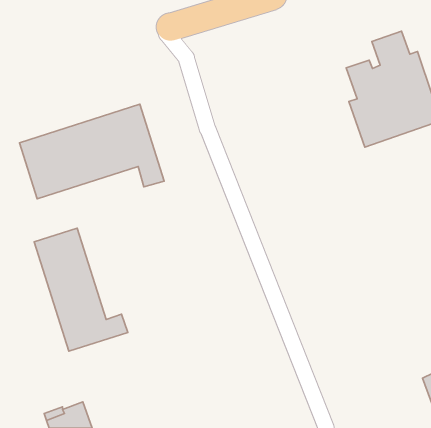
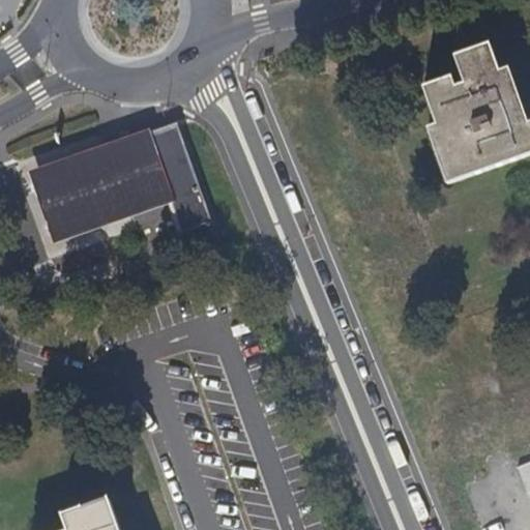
building: [34,228,128,351] -> none

